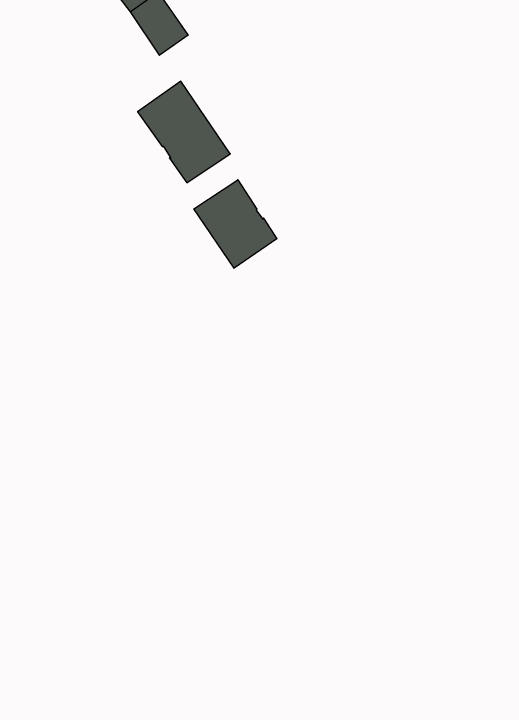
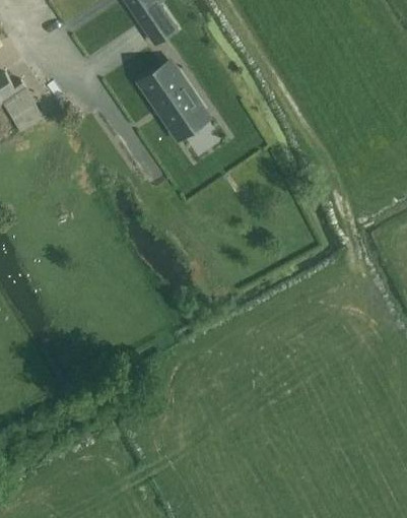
building: [194,180,277,268] -> none

